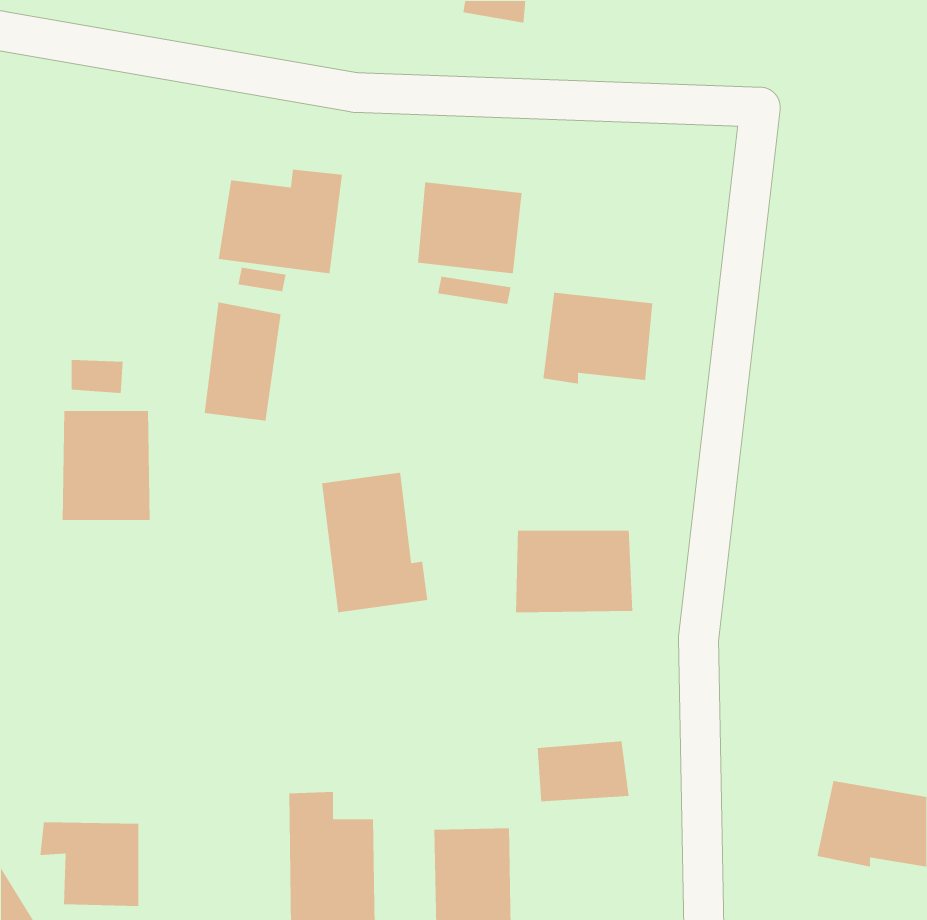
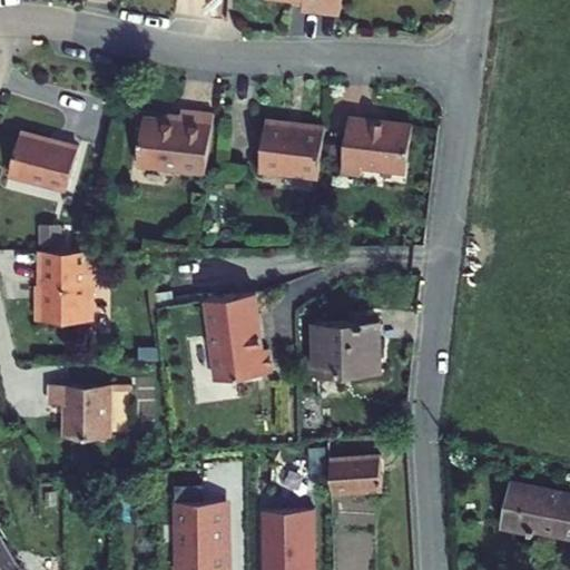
building: none -> [4,122,73,183]
building: [543,292,653,384] -> [340,114,407,170]
building: [204,301,282,421] -> none
building: [39,821,139,907] -> [52,391,114,443]

